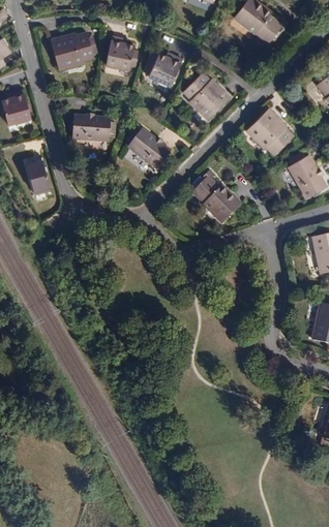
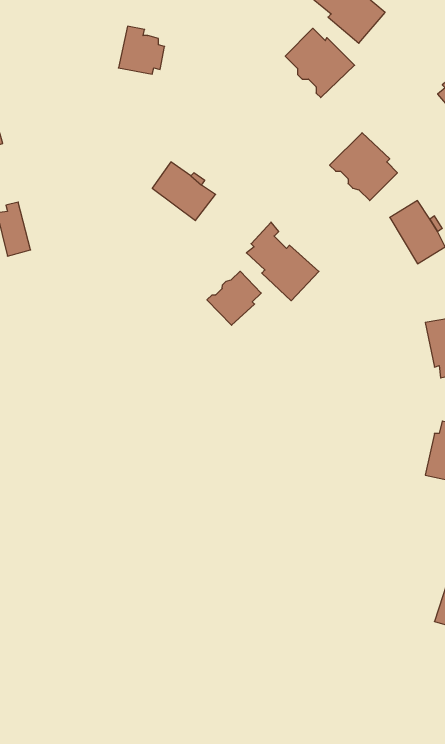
building: [52,33,93,70] -> none
building: [149,55,183,87] -> none
building: [184,73,231,120] -> [285,28,355,98]
building: [73,117,112,142] -> none
building: none -> [207,271,261,325]

